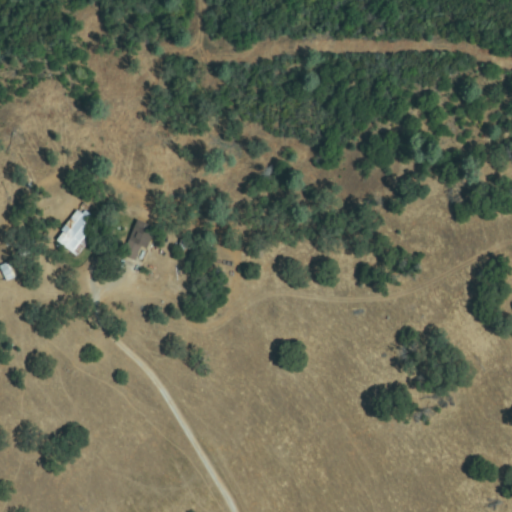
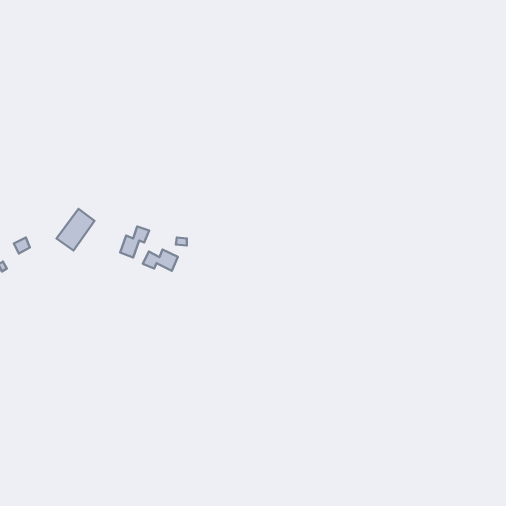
building: none -> [143,249,178,271]

